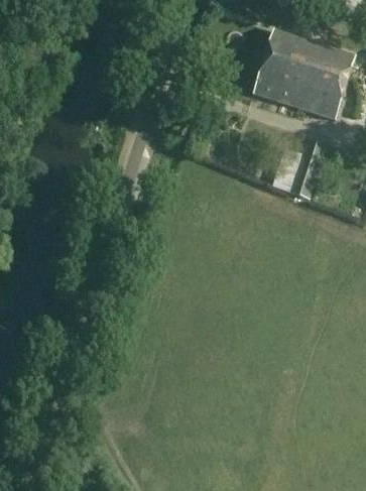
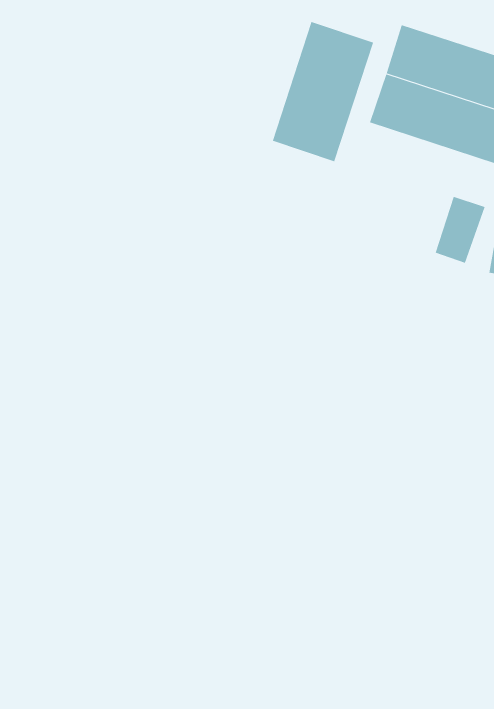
building: none -> [272,21,374,162]

